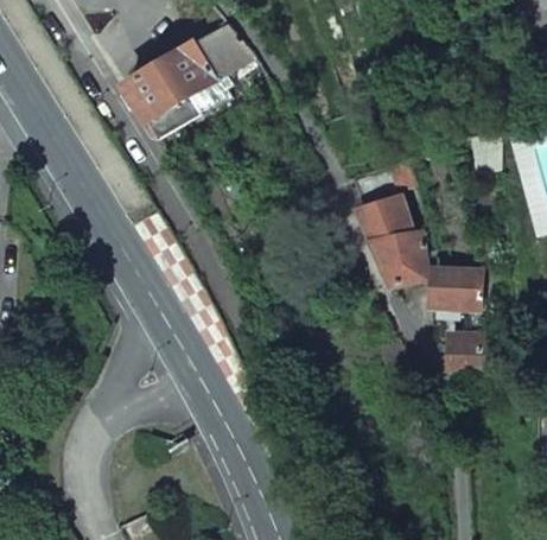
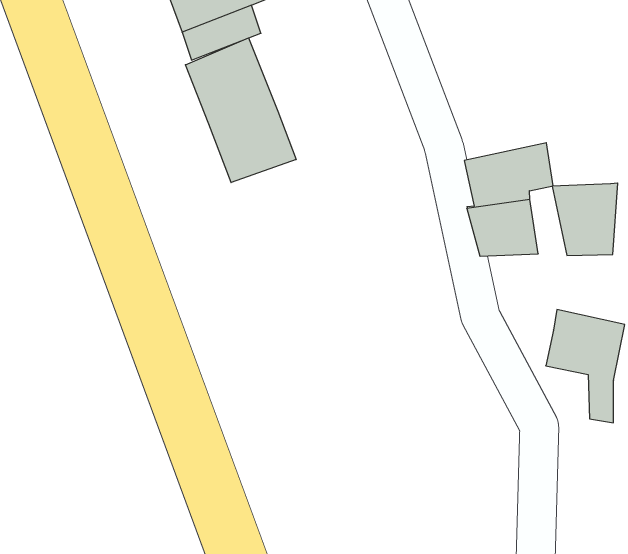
building: none -> [185,38,296,183]
building: [371,231,420,286] -> [552,183,618,255]
building: [447,338,482,370] -> none

